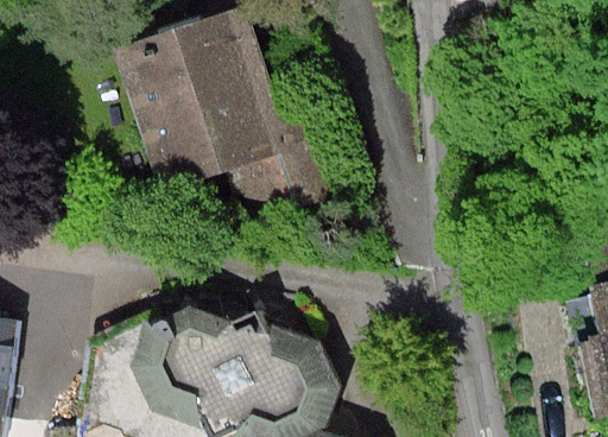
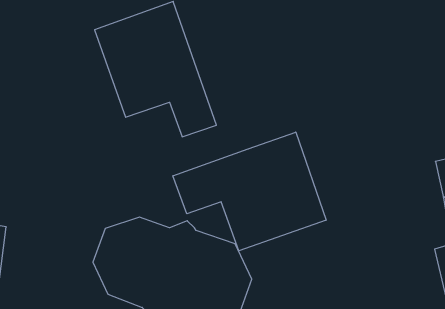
building: none -> [173,132,326,251]

